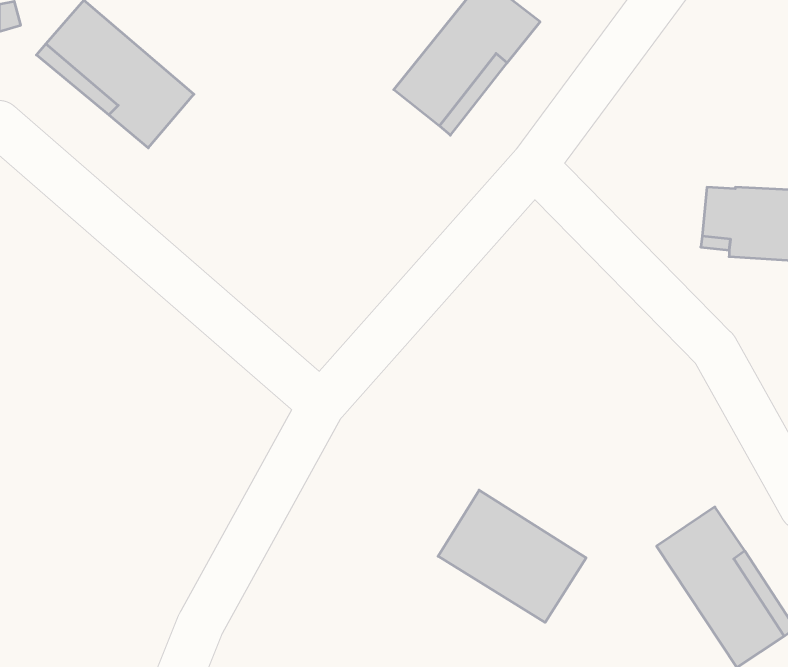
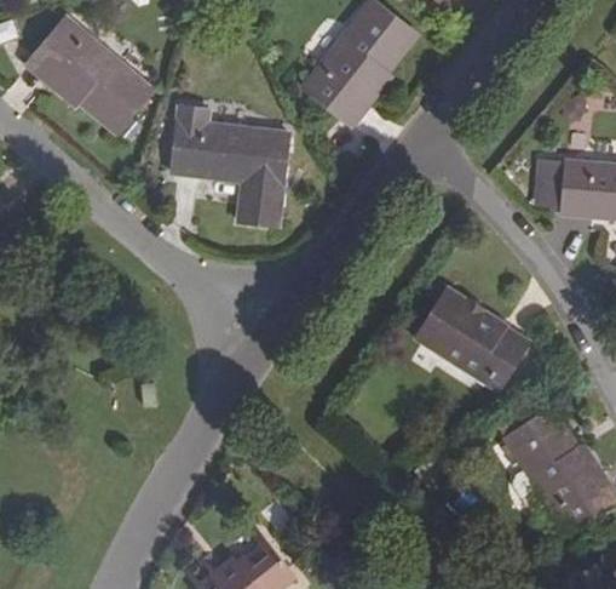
building: none -> [171,119,289,227]
building: [438,490,586,622] -> [415,287,529,389]

